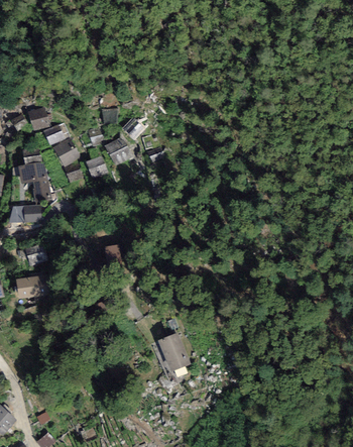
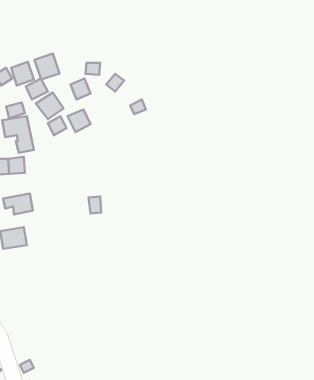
building: none -> [35,54,60,80]
building: [105,135,132,162] -> none
building: [157,332,191,372] -> none

